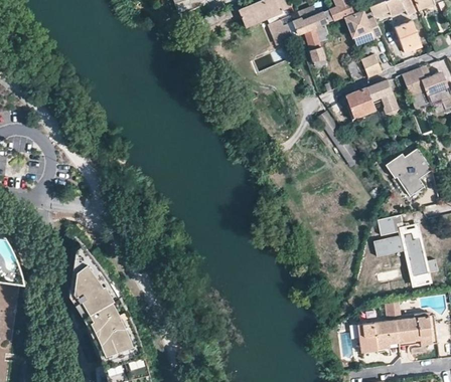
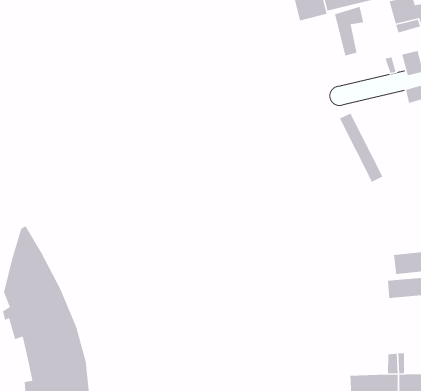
building: [346,88,377,117] -> none

